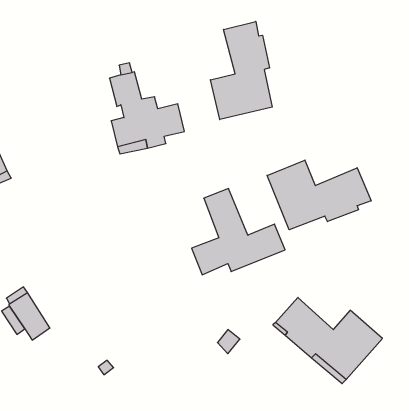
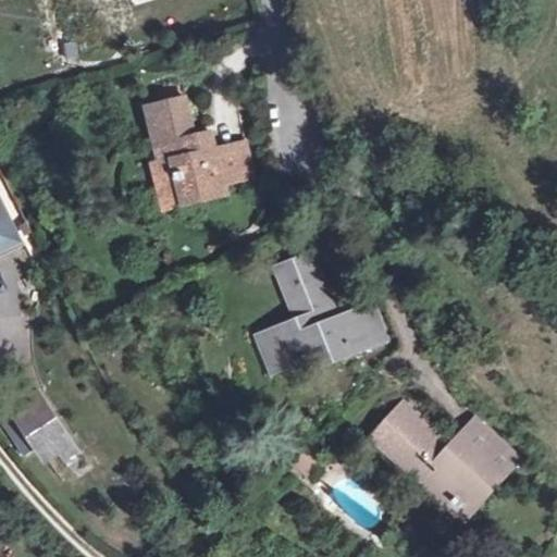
building: [210,21,272,120] -> none
building: [267,160,371,230] -> none

